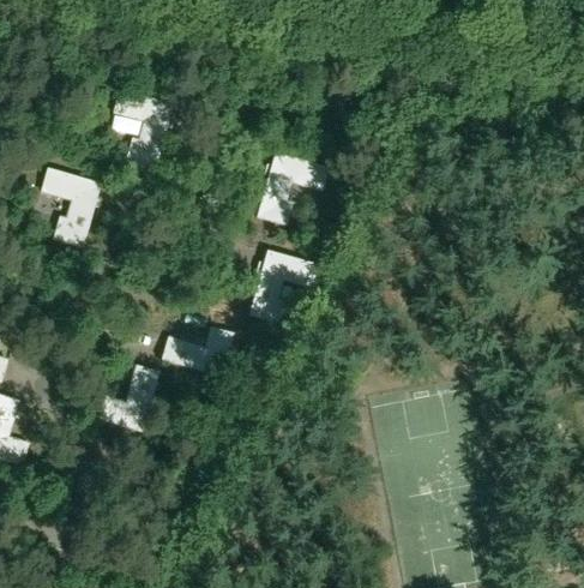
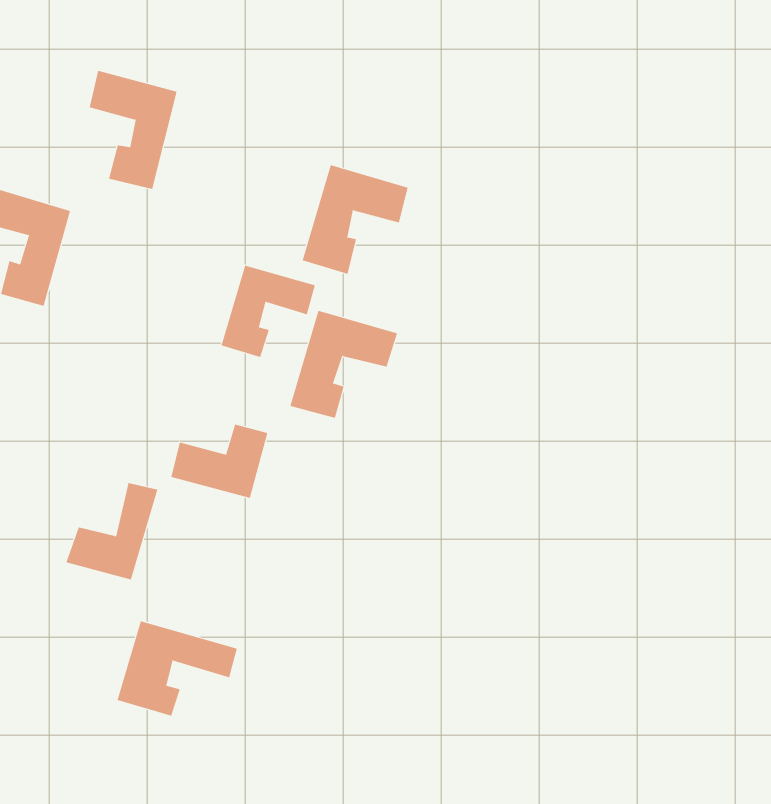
building: none -> [221,265,315,358]
building: none -> [117,621,237,717]

